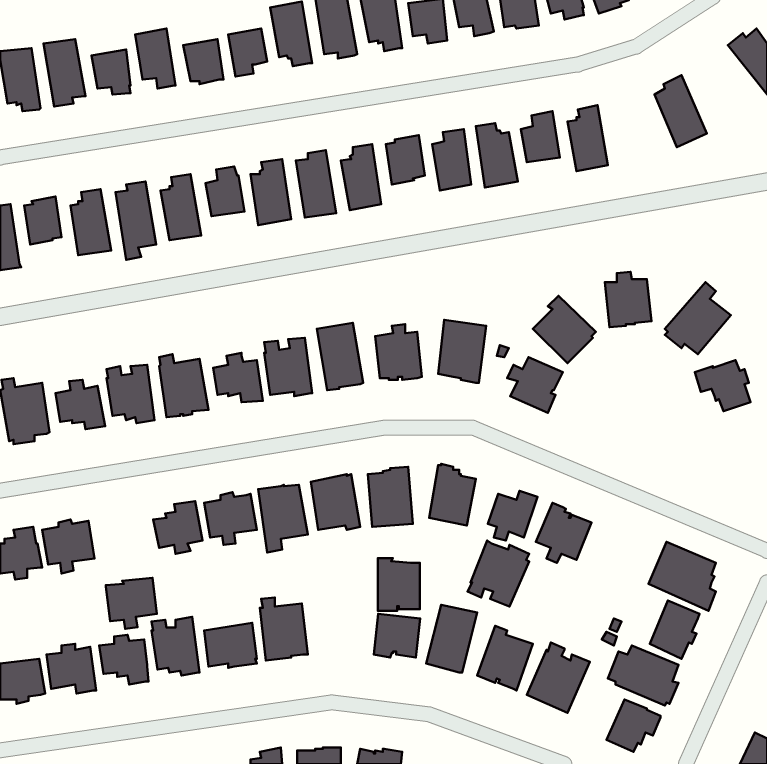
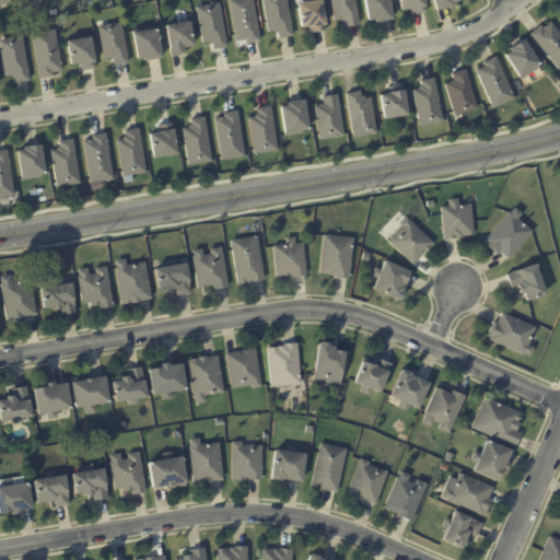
building: none -> [505,38,540,78]
building: none -> [446,68,479,115]
building: none -> [488,312,536,357]
building: [468,540,529,606] -> [422,384,467,432]
building: [378,558,420,611] -> [232,440,262,478]
building: [106,578,157,629] -> [72,373,109,410]

